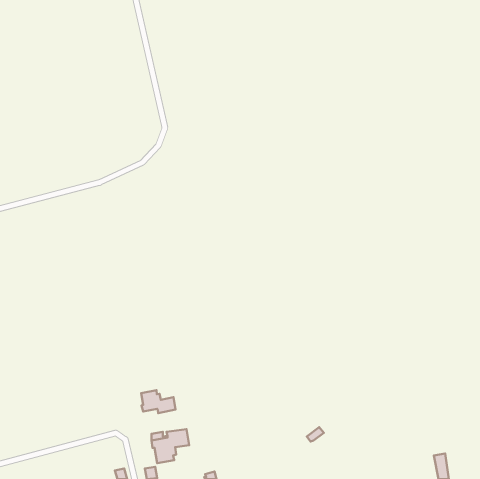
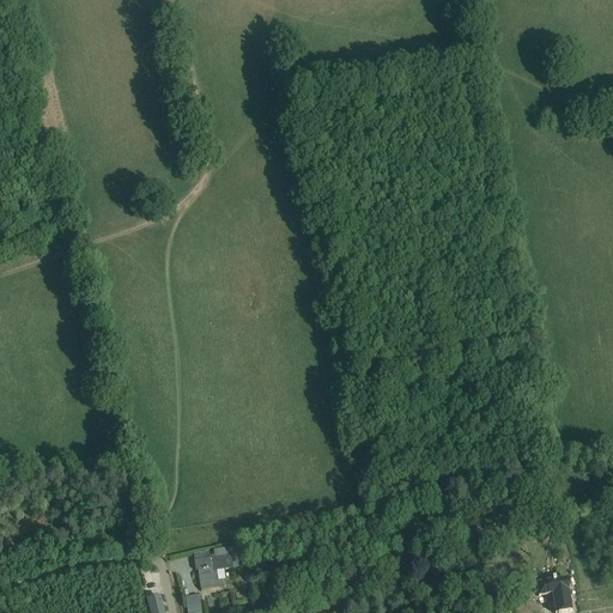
building: [141,390,176,413] -> none

